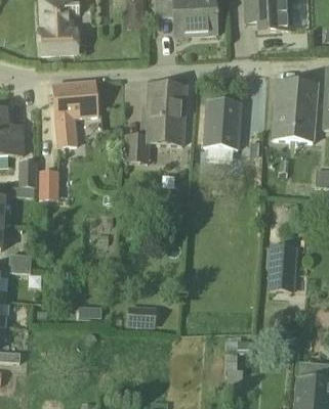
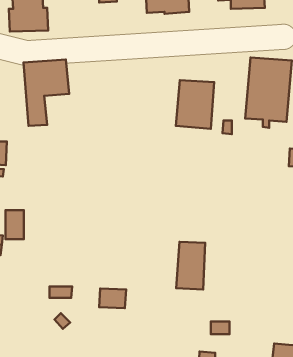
building: [125,83,186,165] -> none
building: [39,171,57,199] -> [5,210,24,239]
building: [268,242,296,289] -> [176,242,205,289]

